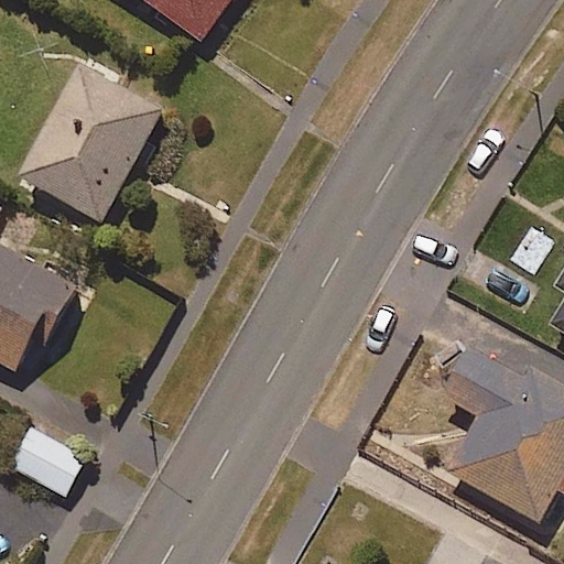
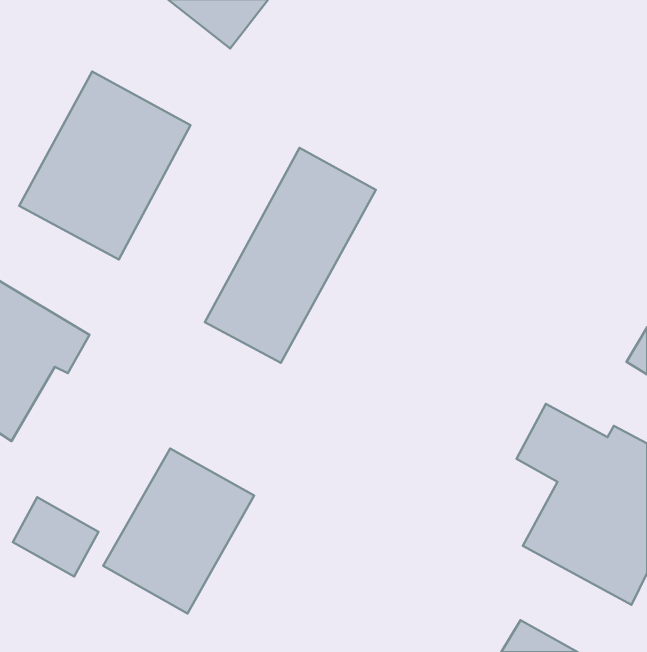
building: none -> [205,148,376,363]
building: none -> [103,449,254,614]

